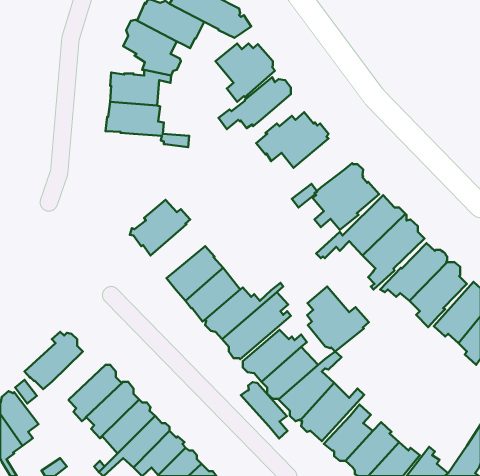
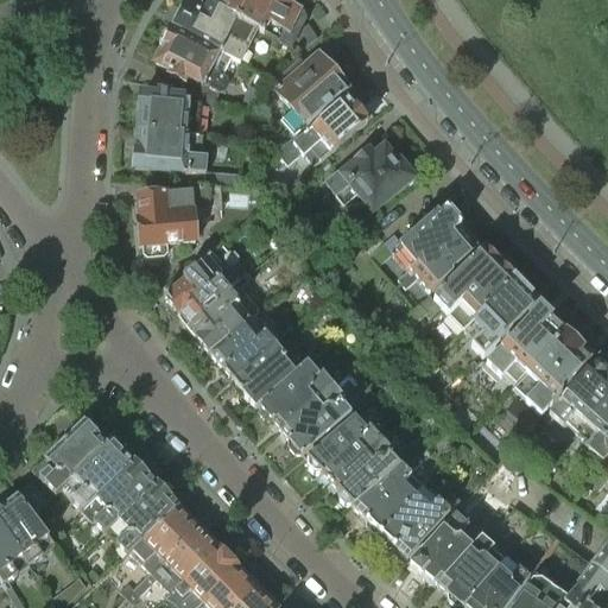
building: none -> [138,180,211,254]
building: none -> [191,283,260,350]
building: [307,286,369,352] -> none
building: none -> [66,437,134,509]
building: [241,382,288,439] -> none

